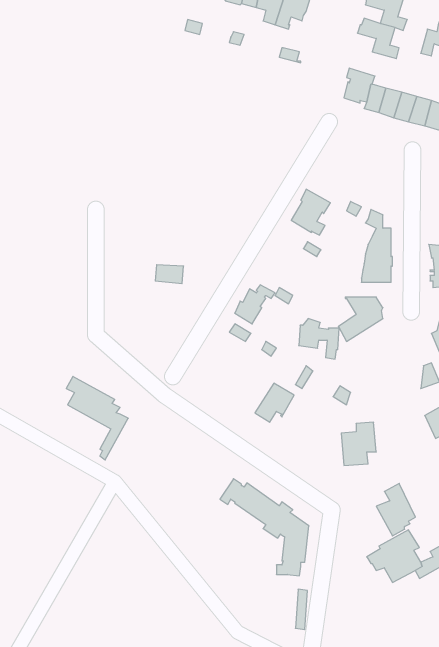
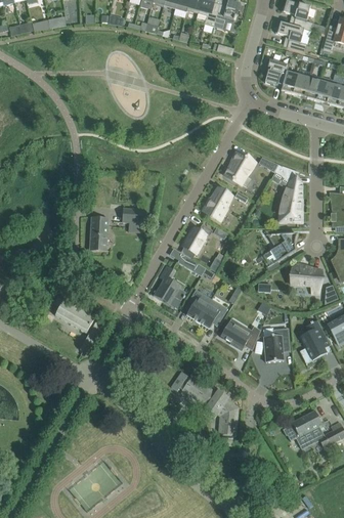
building: none -> [202,186,232,220]
building: none -> [89,216,107,251]
building: [299,319,339,359] -> [291,262,321,293]
building: none -> [154,264,181,304]
building: none -> [185,288,212,320]
building: none -> [221,320,260,349]
building: [376,483,415,536] -> [300,318,330,358]

